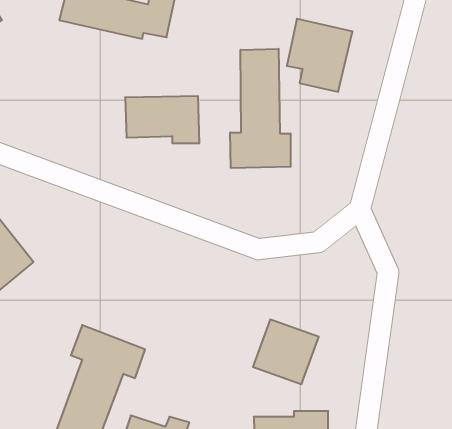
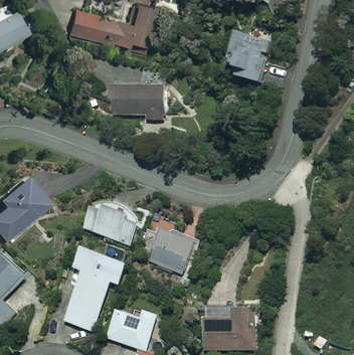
building: [230,49,291,168] -> none
building: none -> [83,205,137,244]
building: [253,320,319,384] -> [147,228,193,274]

